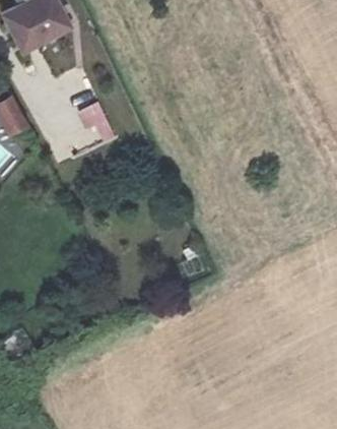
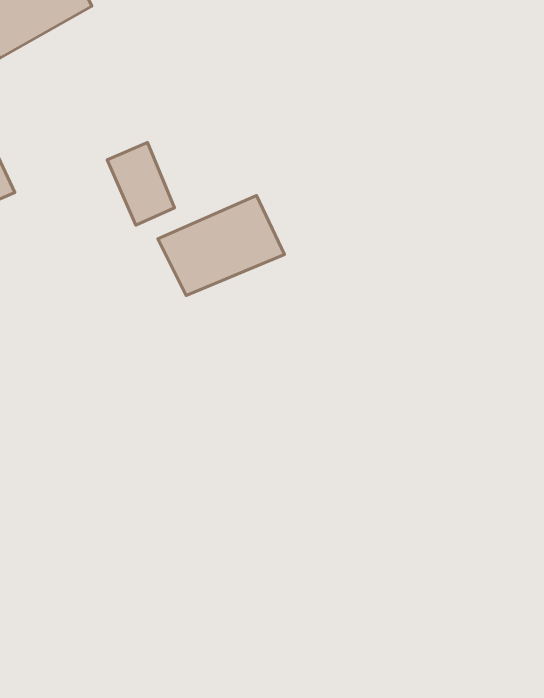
building: none -> [158,196,285,296]

